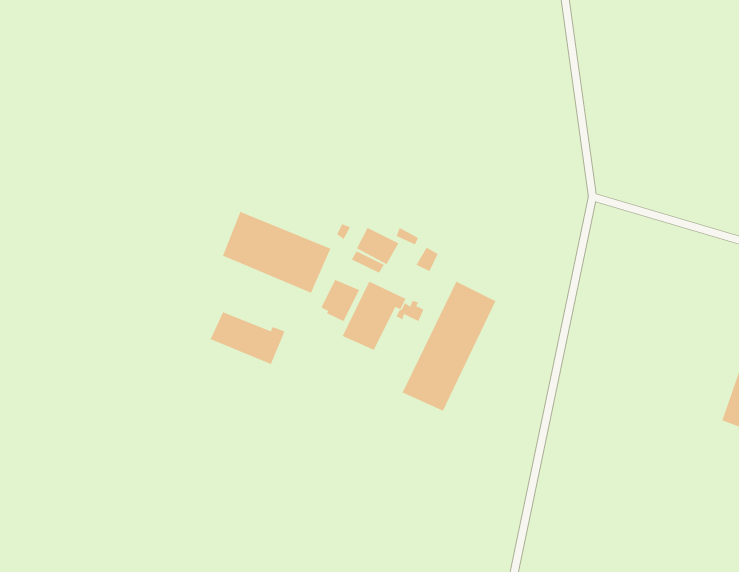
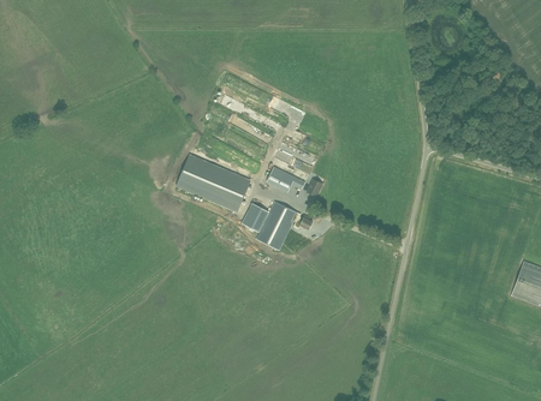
building: [402,281,496,411] -> none
building: [210,311,285,365] -> none

